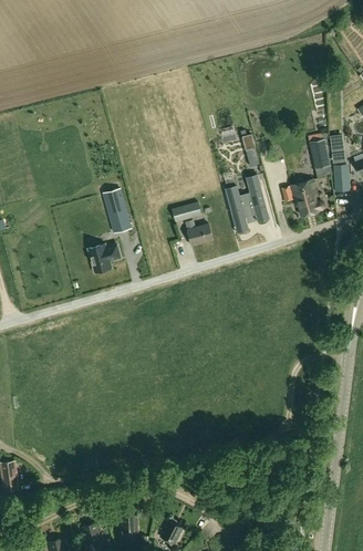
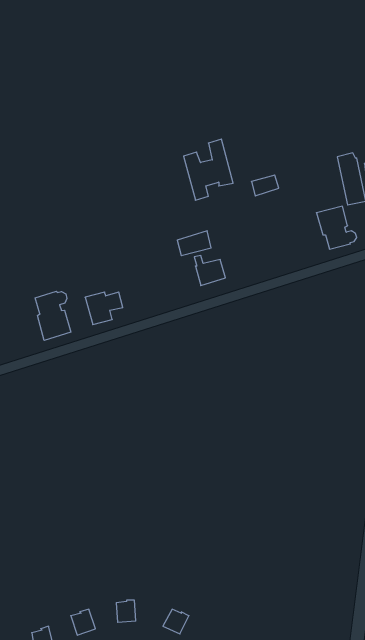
building: [225,175,267,227] -> [184,139,233,200]
building: [104,189,131,231] -> none
building: none -> [35,291,71,340]

